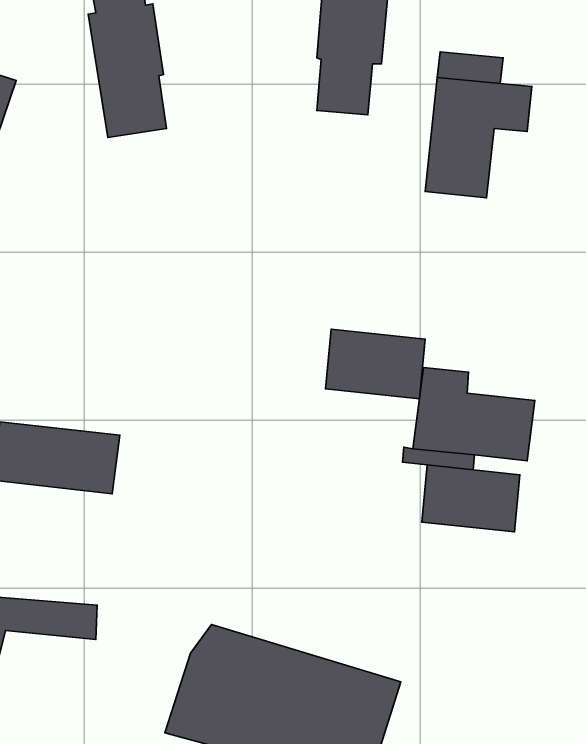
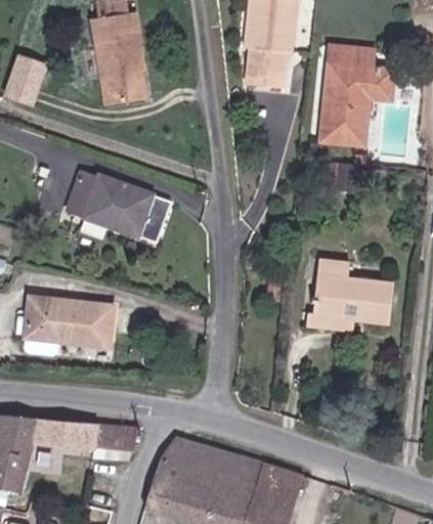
building: none -> [67,172,171,245]
building: [326,329,425,399] -> none
building: [422,465,520,532] -> none
building: none -> [95,423,138,450]

